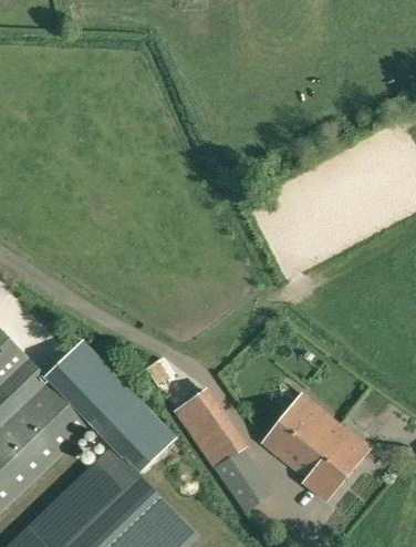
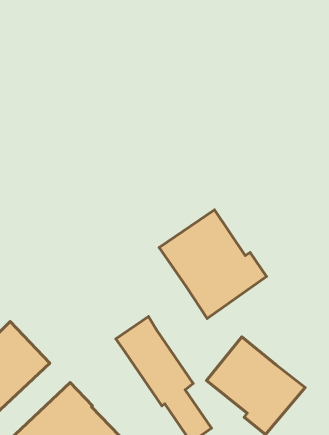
building: none -> [159,210,266,319]
building: [44,342,173,472] -> none

